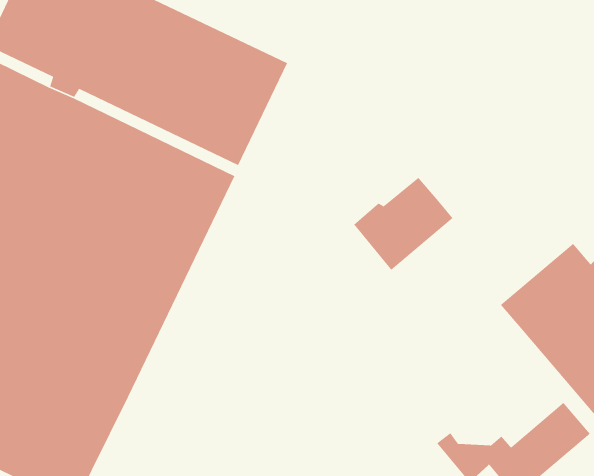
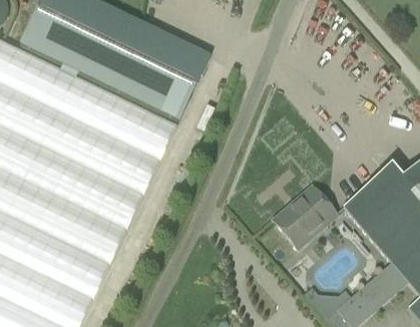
building: [353,177,453,271] -> [273,189,336,248]

